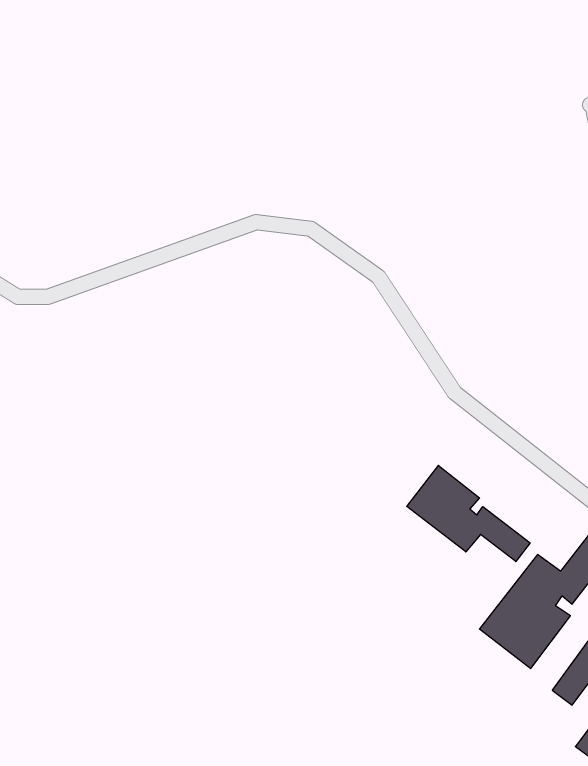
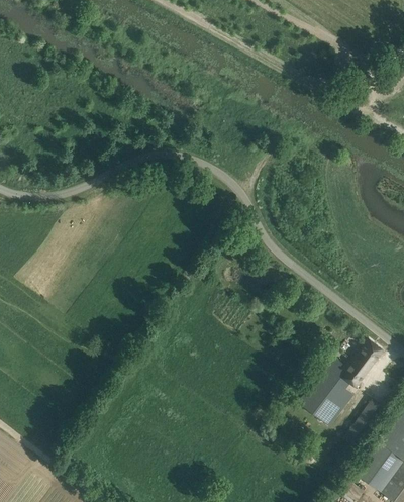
building: [407,465,530,562] -> none

